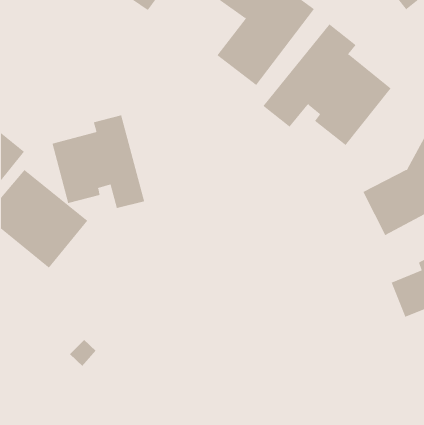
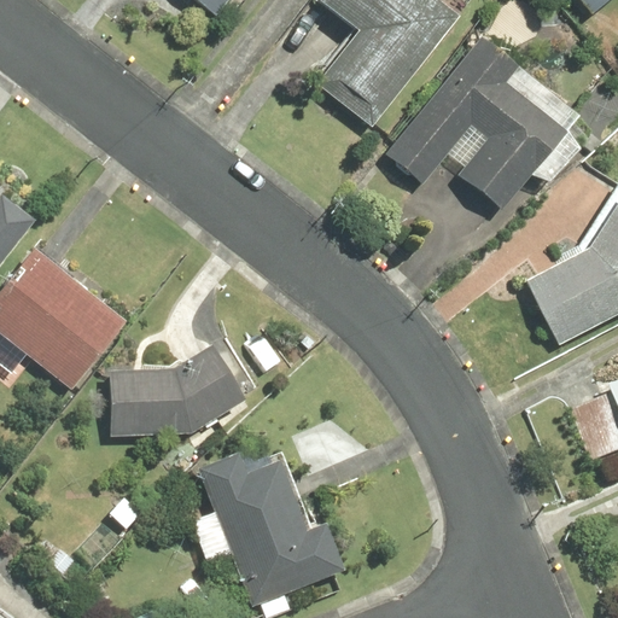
building: [52,115,145,209] -> none
building: none -> [110,342,249,436]
building: none -> [192,449,345,607]

